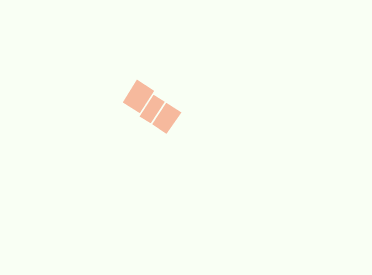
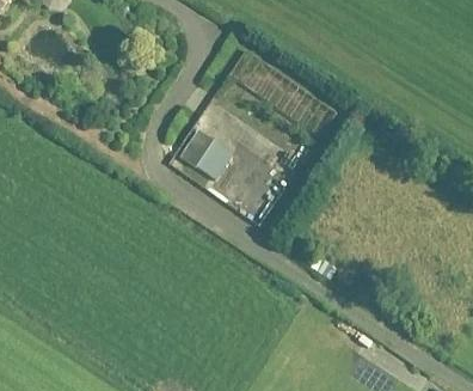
building: [122,78,155,114] -> none

